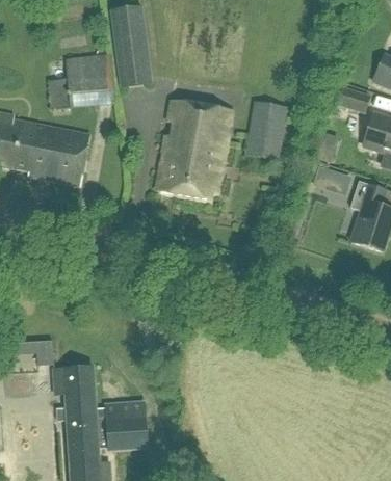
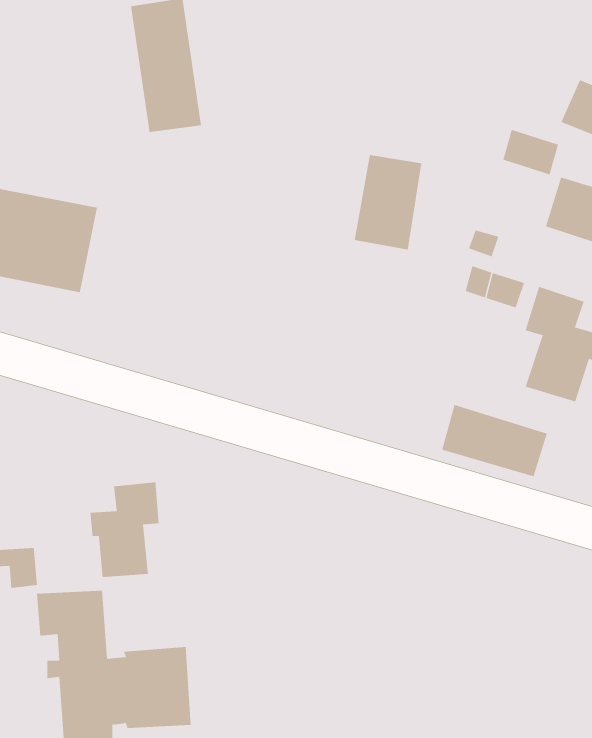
building: [50,55,114,107] -> none
building: [155,100,232,197] -> none
building: none -> [442,404,547,477]
building: none -> [90,481,159,578]

